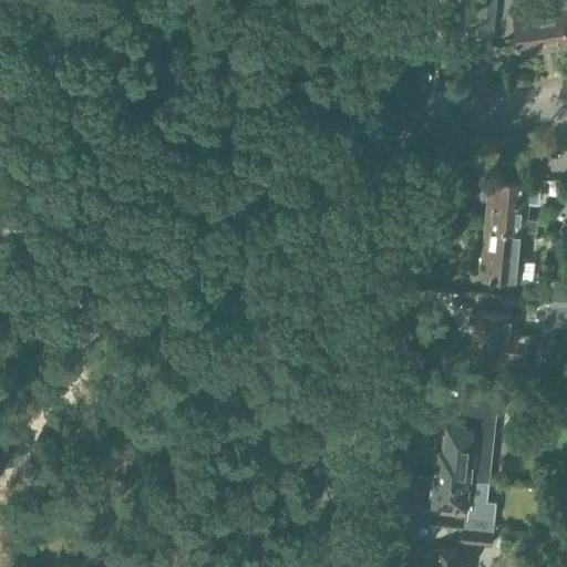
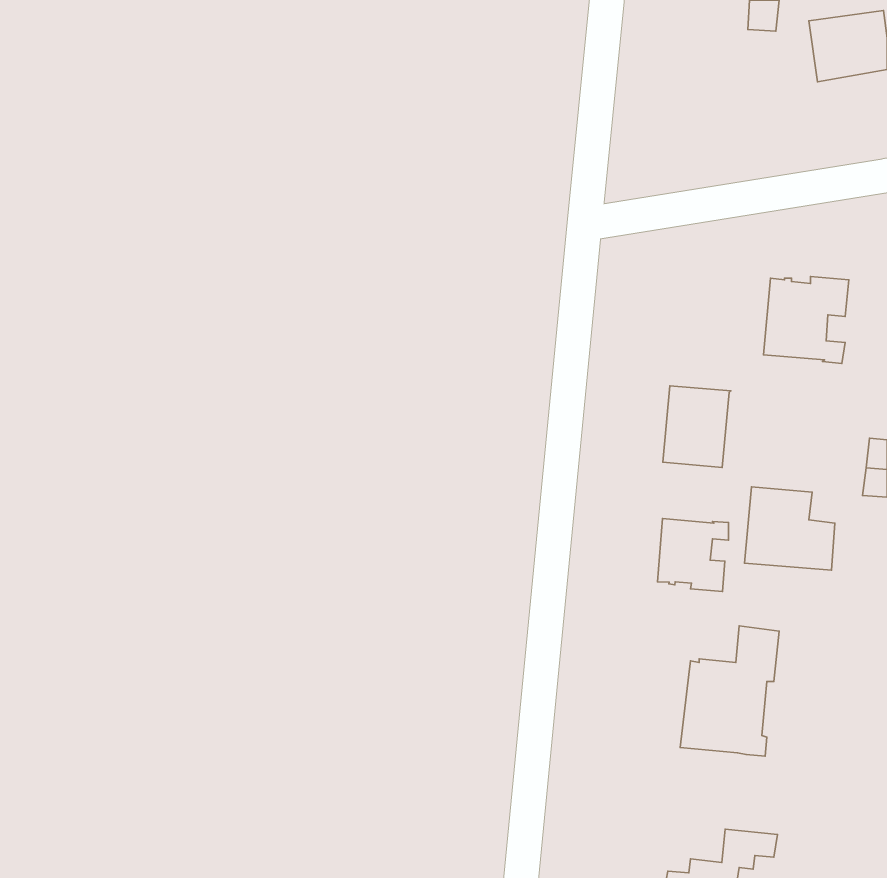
building: [482,233,525,285] -> [663,386,731,467]
building: none -> [657,519,729,591]
building: [431,483,496,538] -> none

